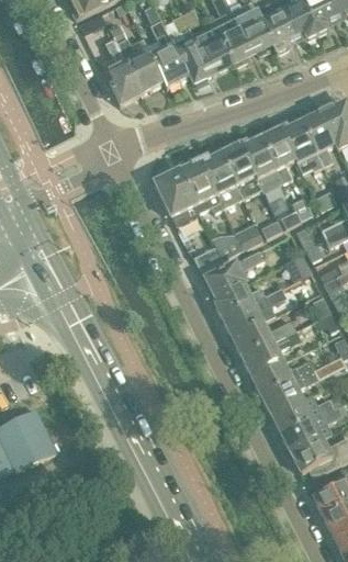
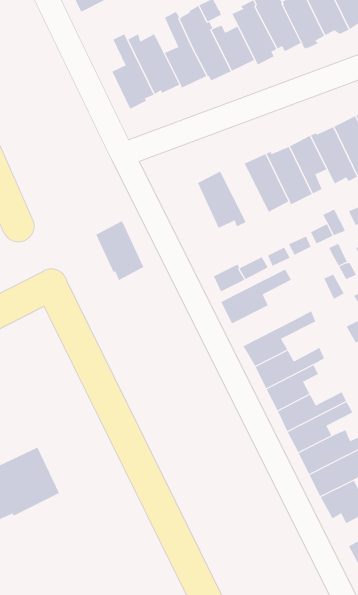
building: [201,155,244,207] -> none
building: [155,171,199,225] -> [95,221,144,281]
building: [211,282,266,318] -> none

